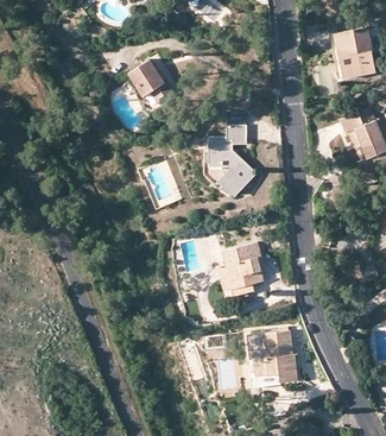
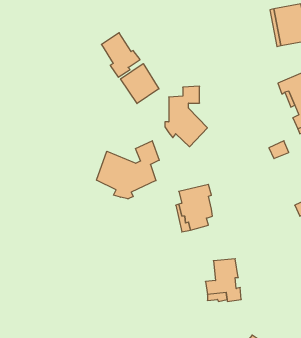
building: none -> [121,64,159,104]
building: none -> [97,141,159,199]

